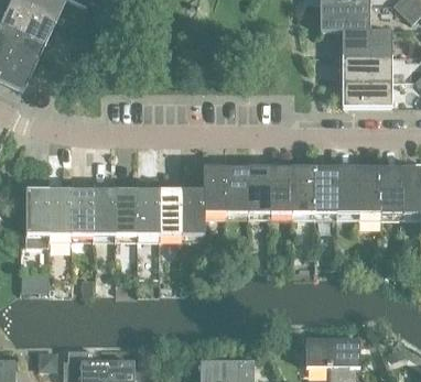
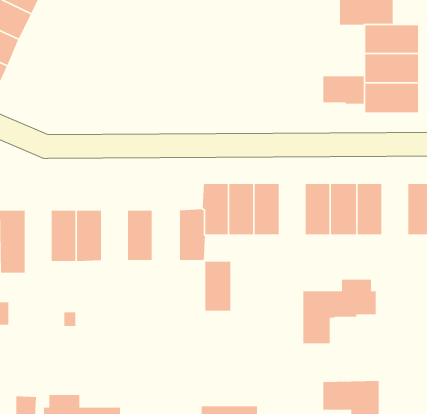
building: none -> [323,75,364,104]
building: [269,167,291,212] -> none
building: [358,167,380,212] -> none
building: [48,190,71,236] -> none
building: [115,190,137,234] -> none
building: [159,190,182,234] -> [204,261,231,312]
building: none -> [302,279,377,344]

